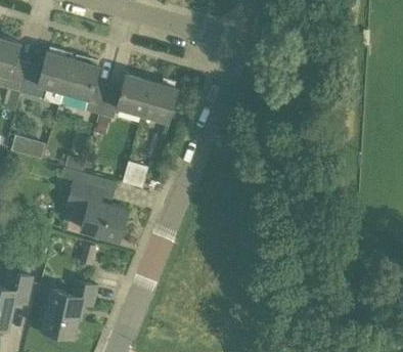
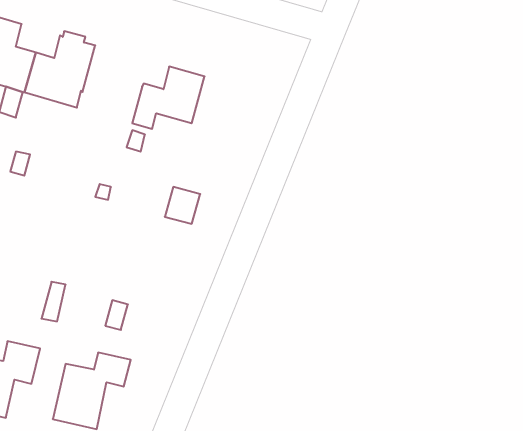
building: [59,57,107,115] -> none
building: [142,81,177,122] -> none
building: [66,180,128,239] -> none

